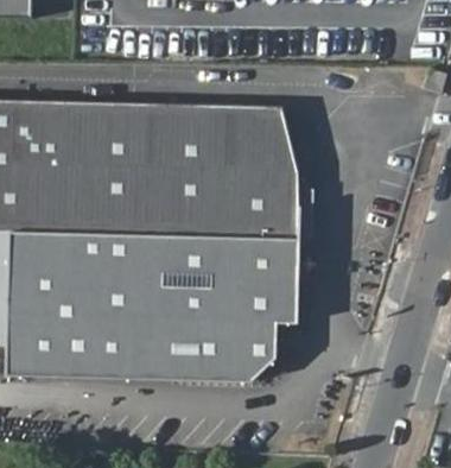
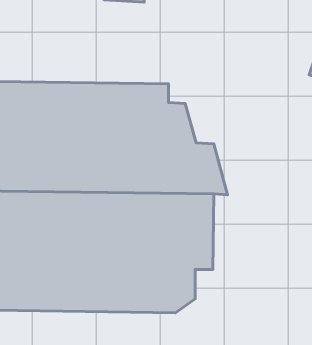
building: [243,102,298,175] -> none

